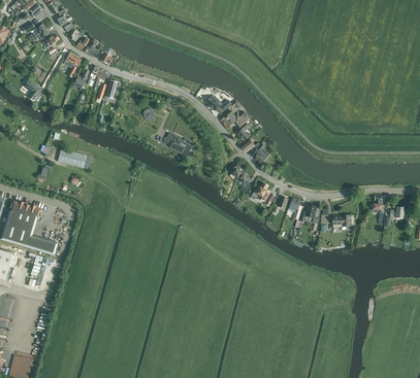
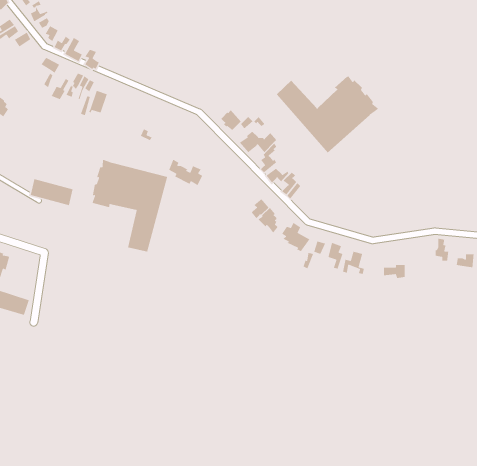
building: none -> [276,75,379,154]
building: none -> [92,159,168,253]

